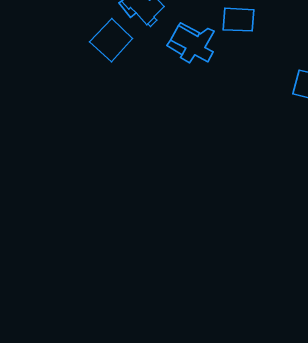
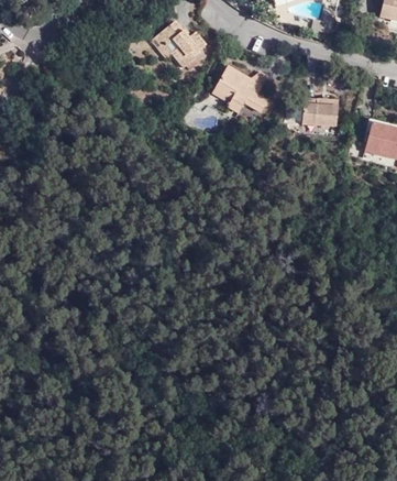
building: [223,8,254,31] -> [301,98,339,125]
building: [90,18,132,62] -> none

